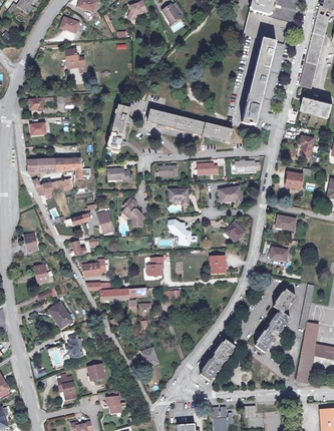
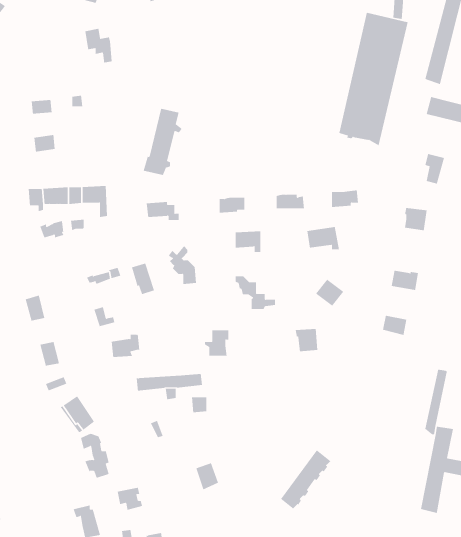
building: [146,108,233,142] -> none
building: [254,289,295,353] -> none

